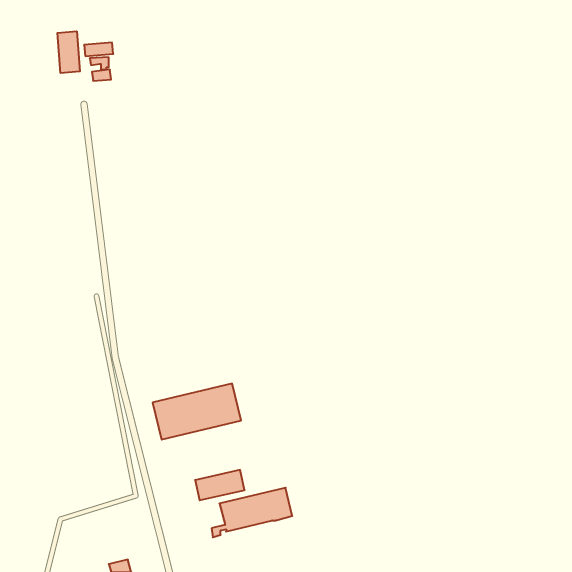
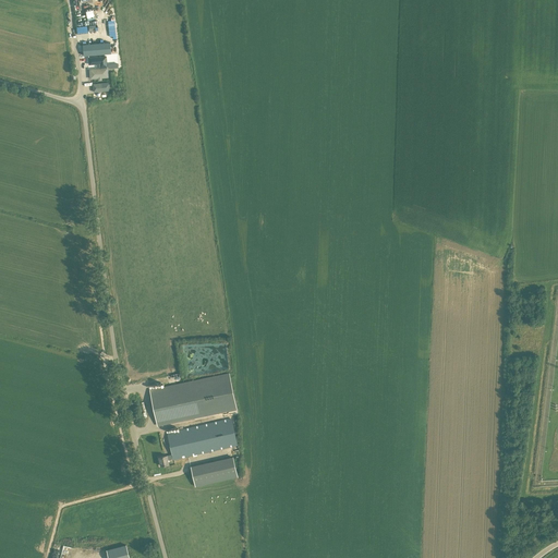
building: [57,31,80,73] -> none
building: [212,488,292,537] -> [158,416,236,464]

